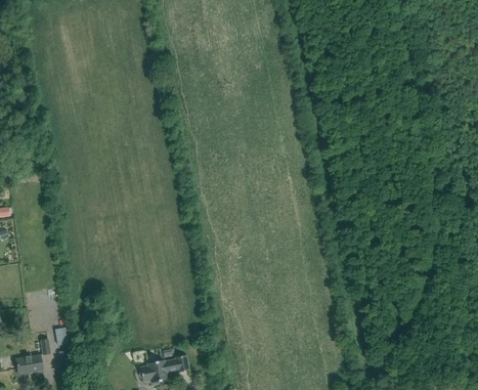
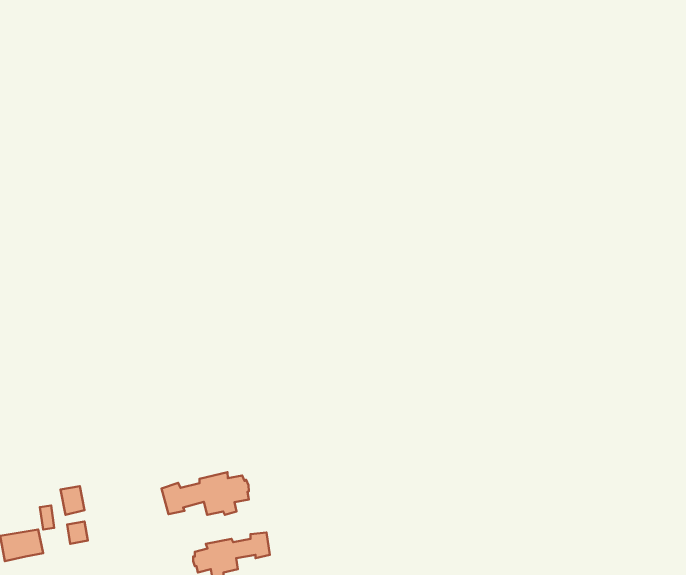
building: none -> [161,472,249,515]

